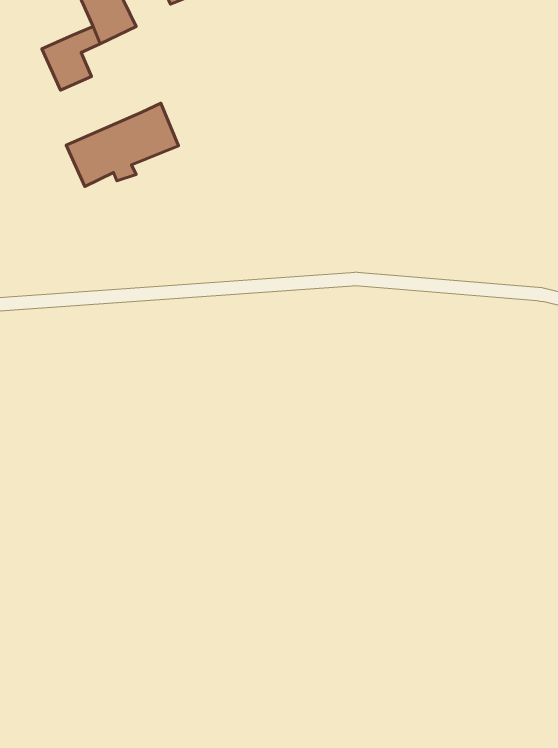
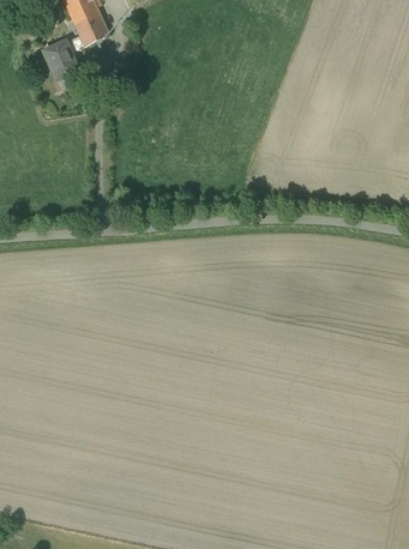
building: [66,103,178,187] -> none

